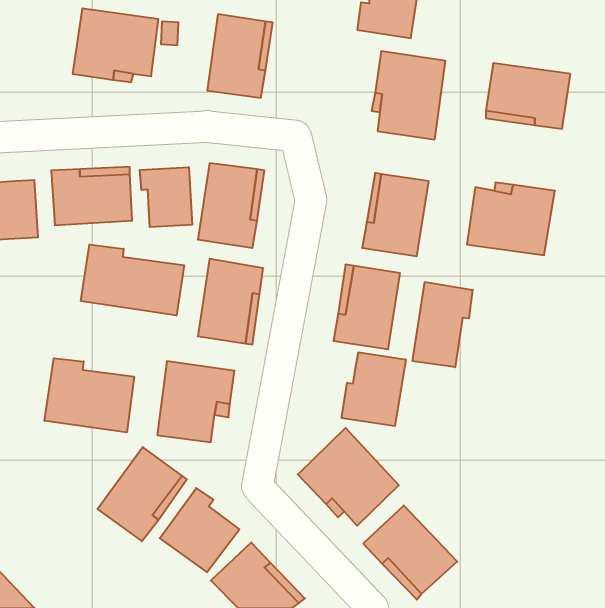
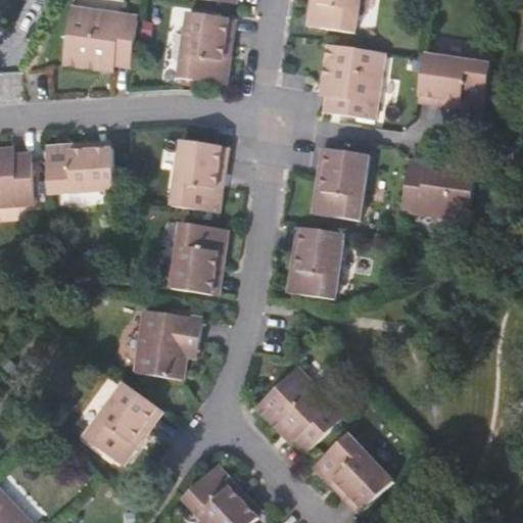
building: [140,167,192,227] -> none
building: [81,244,184,316] -> none
building: [413,282,473,367] -> none
building: [342,352,406,426] -> none
building: [45,358,134,432] -> none
building: [160,488,239,572] -> none

